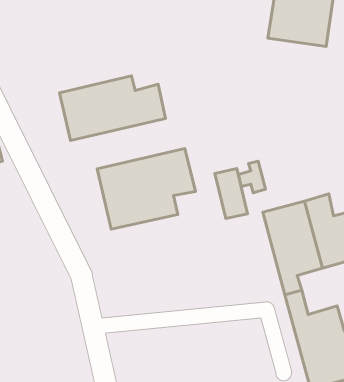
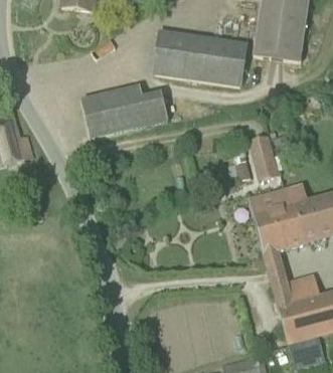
building: none -> [154,30,246,84]
building: [97,149,195,229] -> none
building: [215,169,248,219] -> [249,136,277,177]

